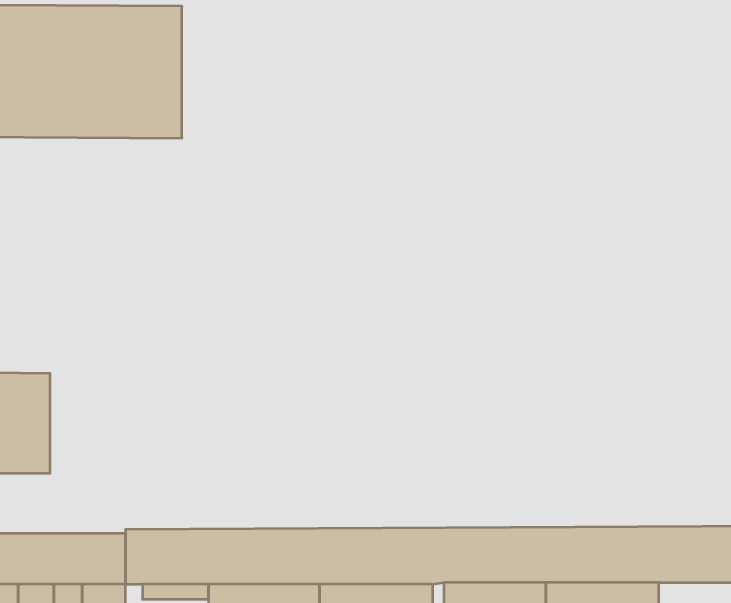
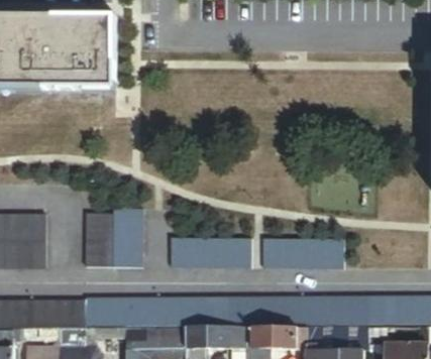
building: none -> [85,209,141,266]
building: none -> [261,237,342,266]
building: none -> [170,238,250,267]

